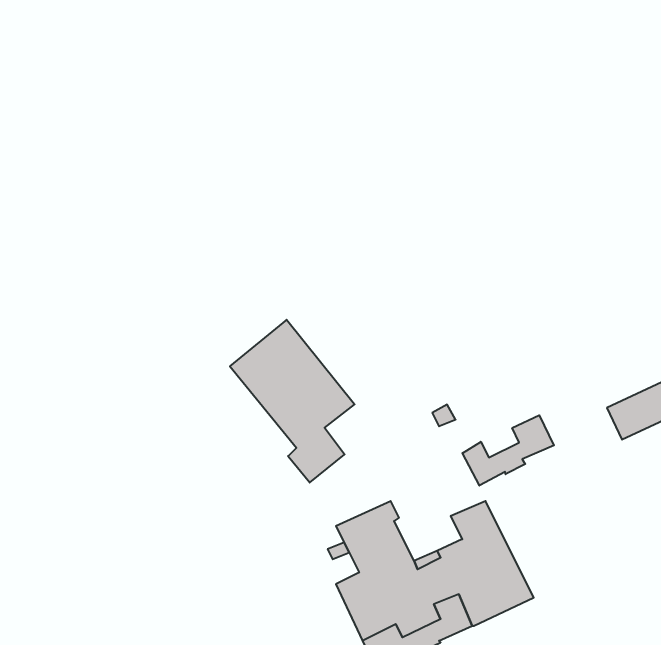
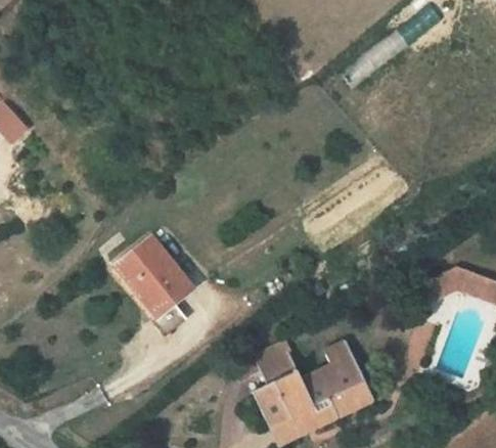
building: [230,320,355,483] -> [117,237,193,338]
building: [462,415,554,486] -> none

